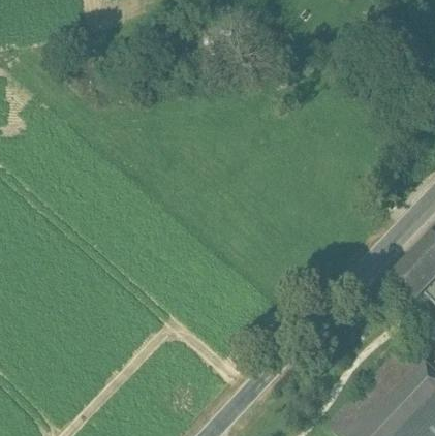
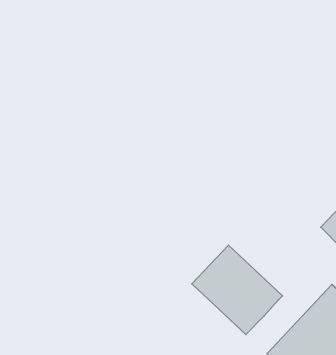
building: none -> [192,245,283,334]

